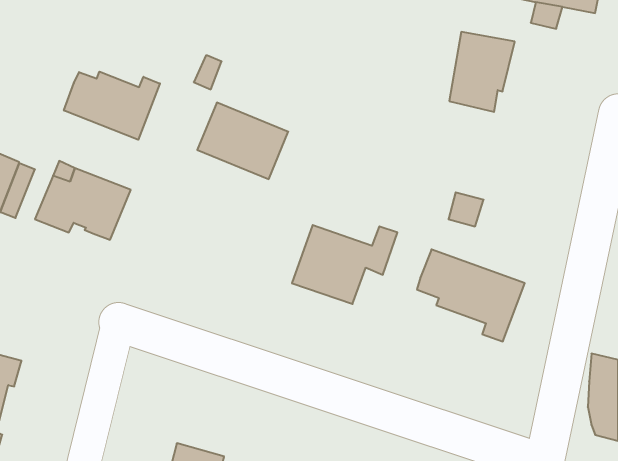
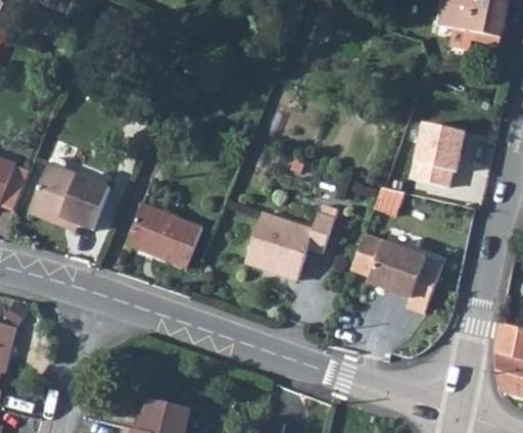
building: [449,32,515,112] -> [415,117,470,185]
building: [64,72,160,140] -> none
building: [197,103,288,179] -> [127,200,203,264]

